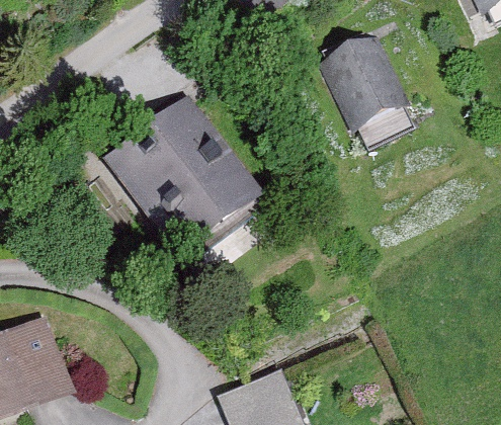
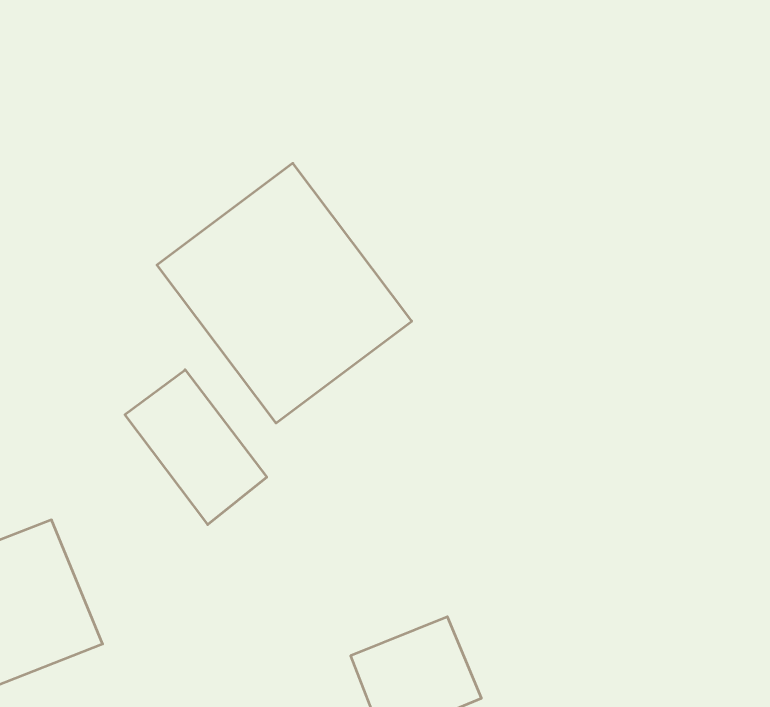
building: [323,38,406,131] -> none
building: none -> [125,370,267,525]

